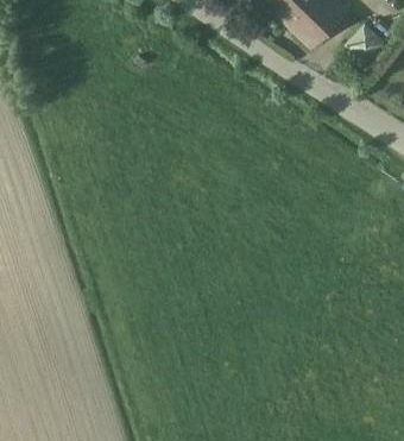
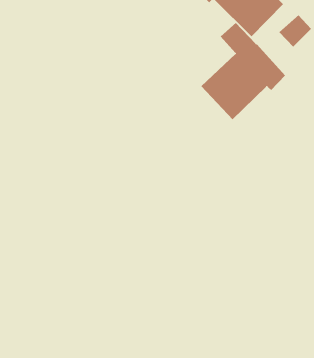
building: none -> [201,22,286,120]

